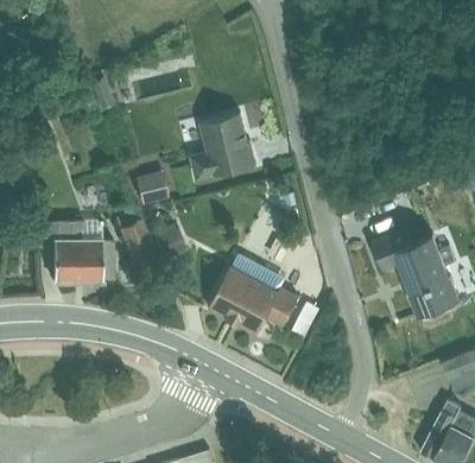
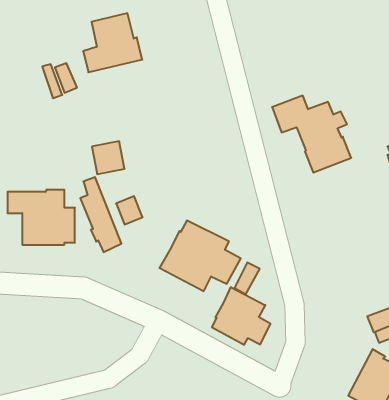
building: [190,113,256,179] -> [83,13,142,72]
building: [372,228,461,315] -> [272,96,351,173]
building: none -> [212,287,270,345]

